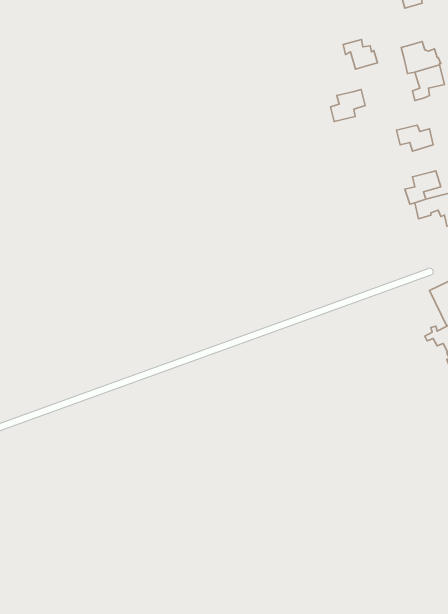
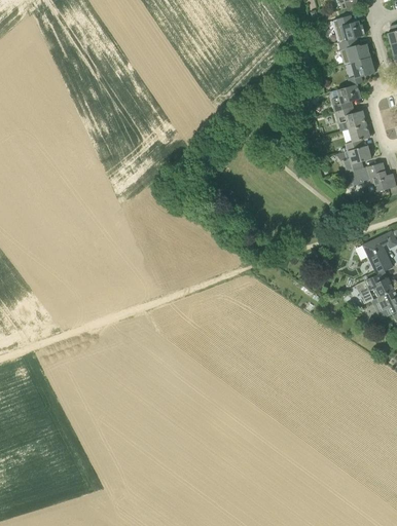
building: [343,40,378,69] -> [335,15,364,40]
building: [331,89,365,122] -> [331,84,360,111]
building: none -> [345,123,369,150]

